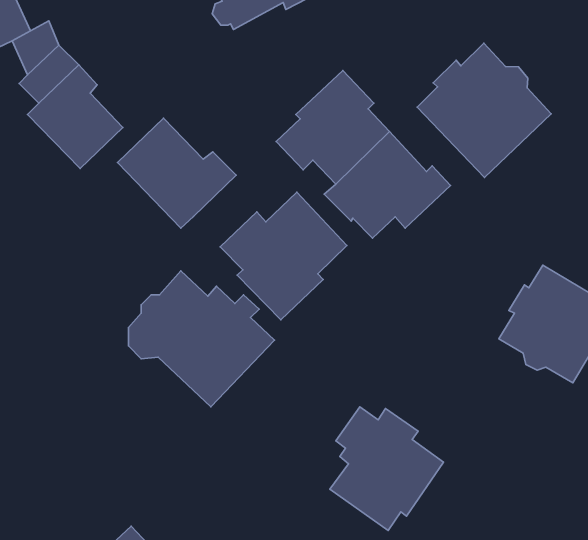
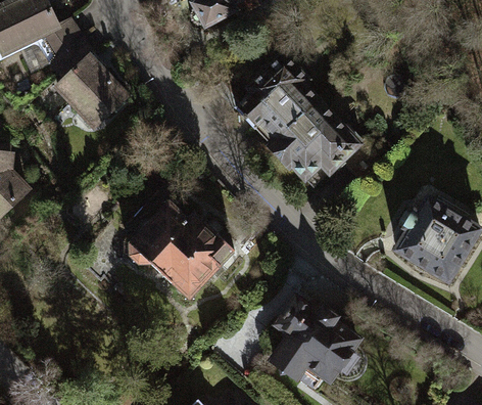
building: [417,43,551,178] -> none
building: [118,118,236,228] -> none
building: [220,192,347,320] -> none

